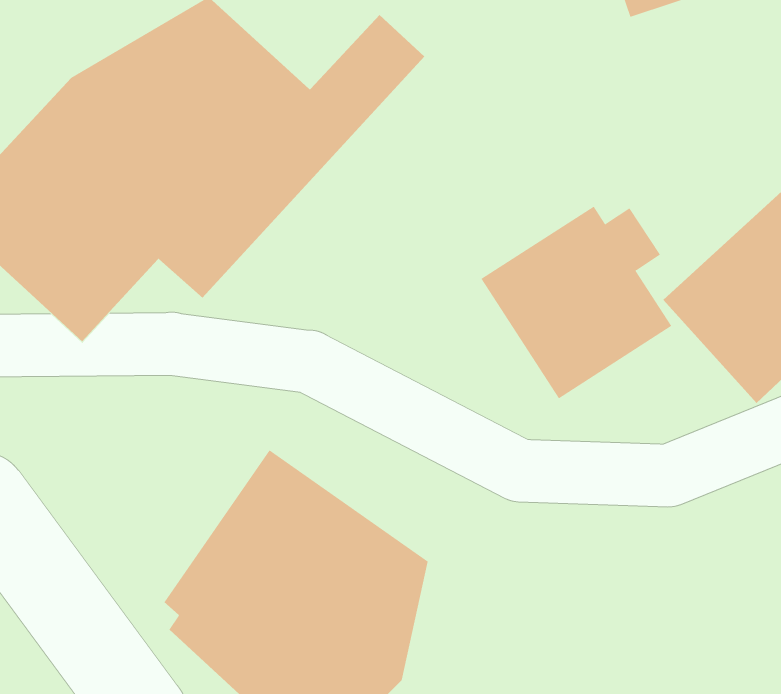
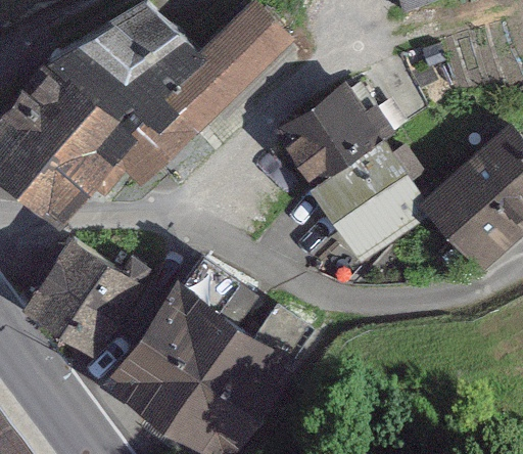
building: none -> [276,81,398,182]
building: none -> [26,245,154,366]

